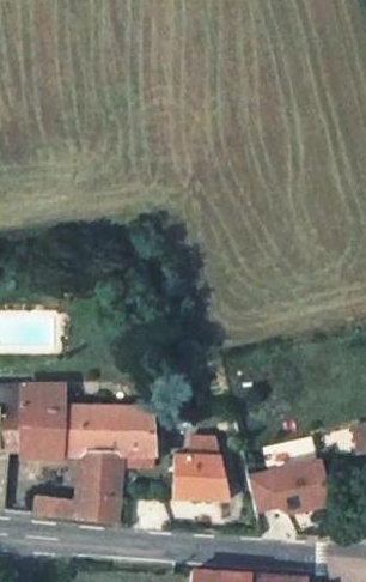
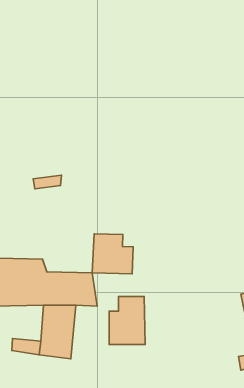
building: none -> [92,234,133,274]
building: [248,465,330,517] -> none

